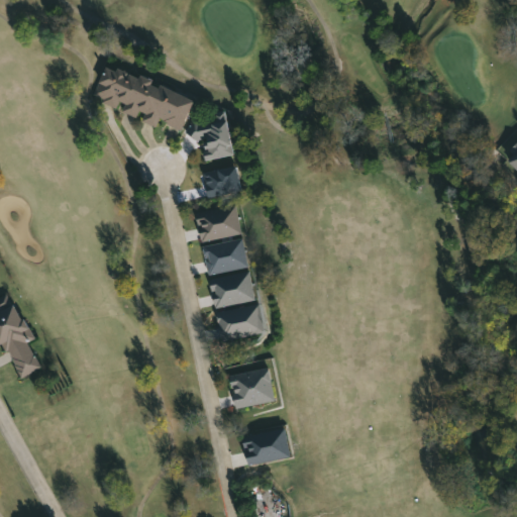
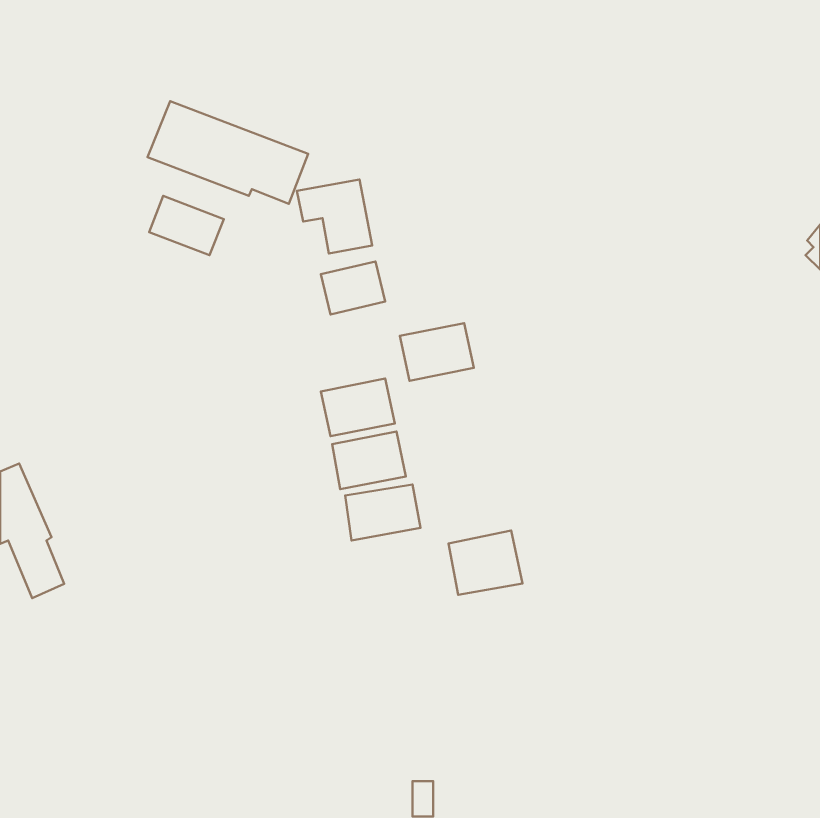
building: none -> [149,196,224,255]
building: [195,206,241,242] -> [400,323,474,381]
building: [229,369,276,409] -> [449,531,522,595]
building: [241,428,291,468] -> none

